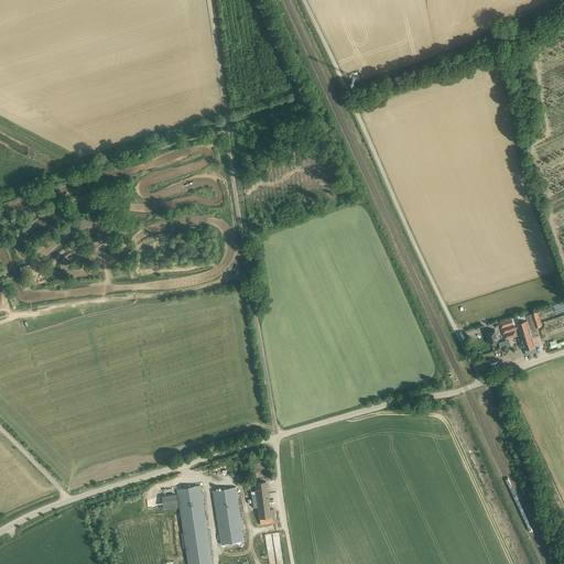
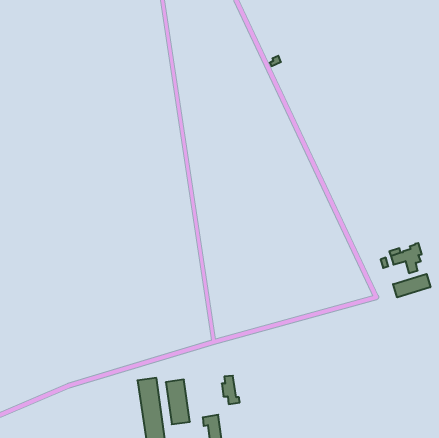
building: none -> [393,274,430,297]
building: [251,482,274,519] -> [222,376,240,404]

